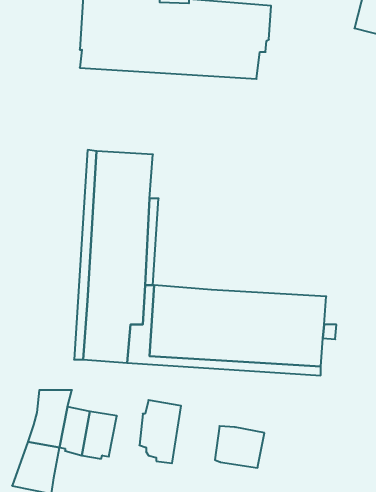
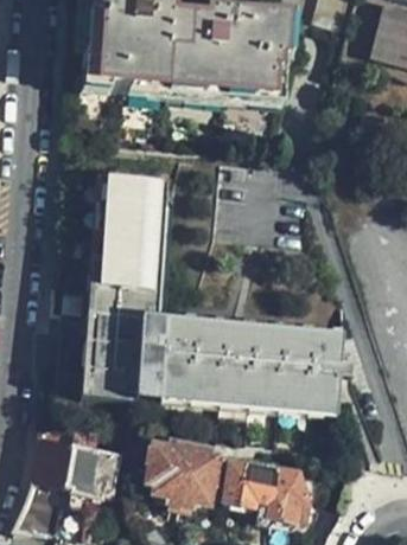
building: none -> [184,442,230,505]
building: none -> [274,457,311,519]

